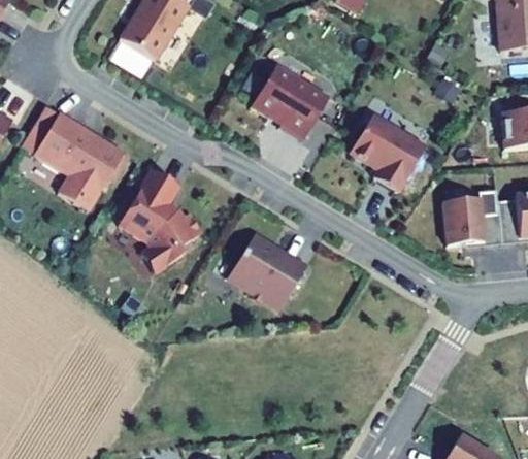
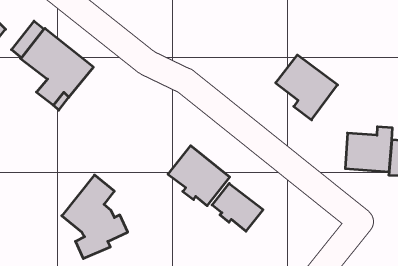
building: [251,62,329,137] -> none
building: [122,174,204,277] -> [62,175,128,259]
building: none -> [212,183,263,231]

